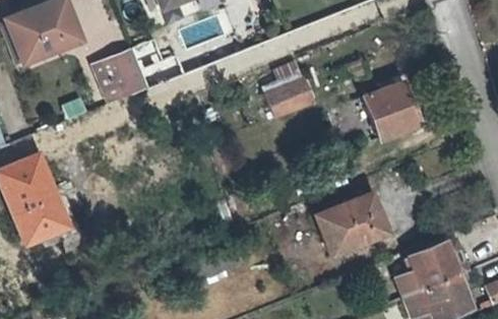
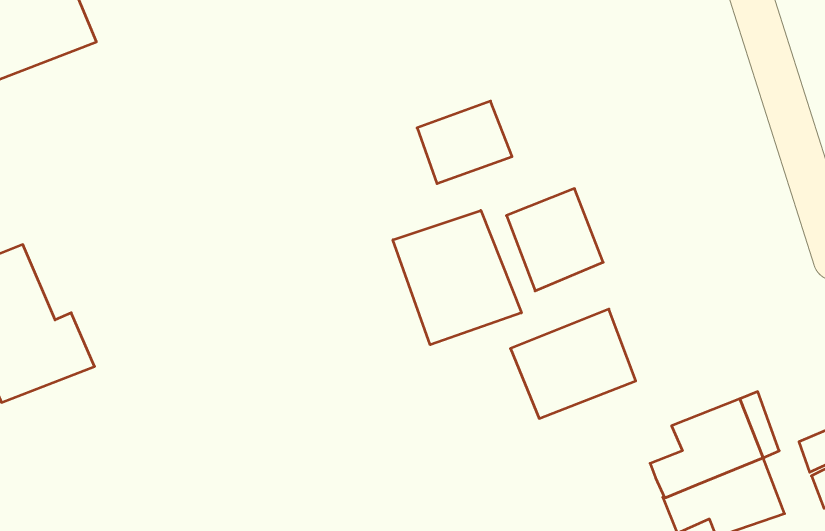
building: [94,50,147,106] -> none
building: [364,82,419,140] -> [506,189,603,291]
building: none -> [393,210,521,345]

